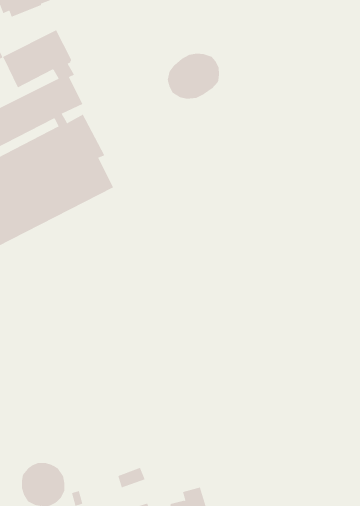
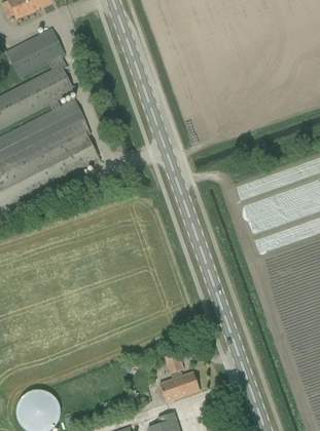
building: [167,53,220,99] -> none
building: none -> [159,351,200,401]

